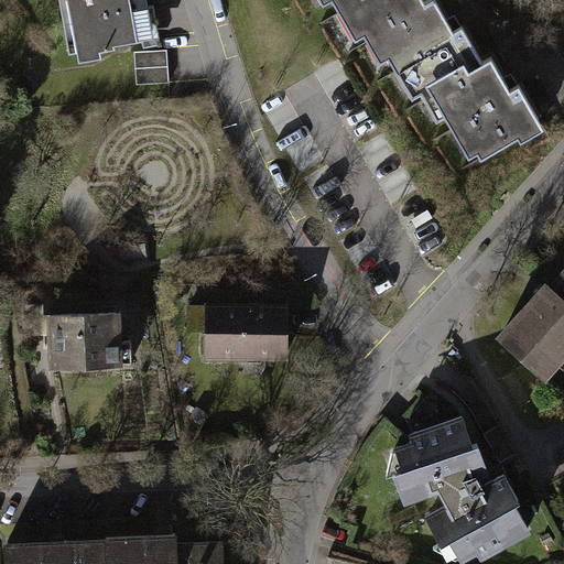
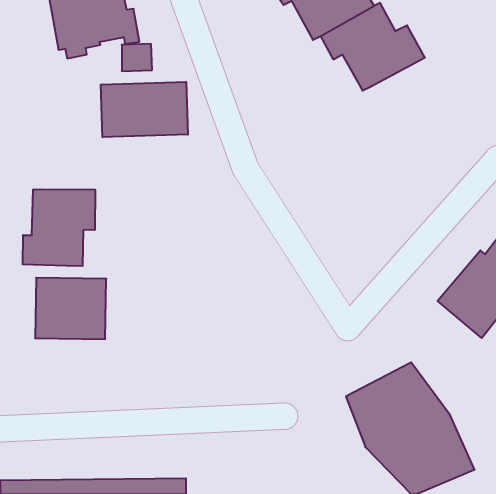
building: [421,62,539,169] -> none
building: none -> [101,82,188,137]
building: none -> [23,189,95,266]
building: [203,303,283,372] -> none

